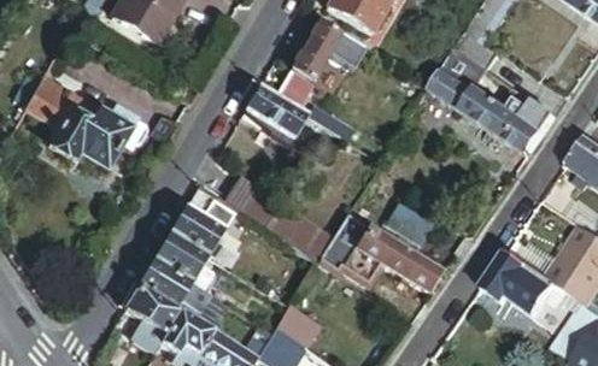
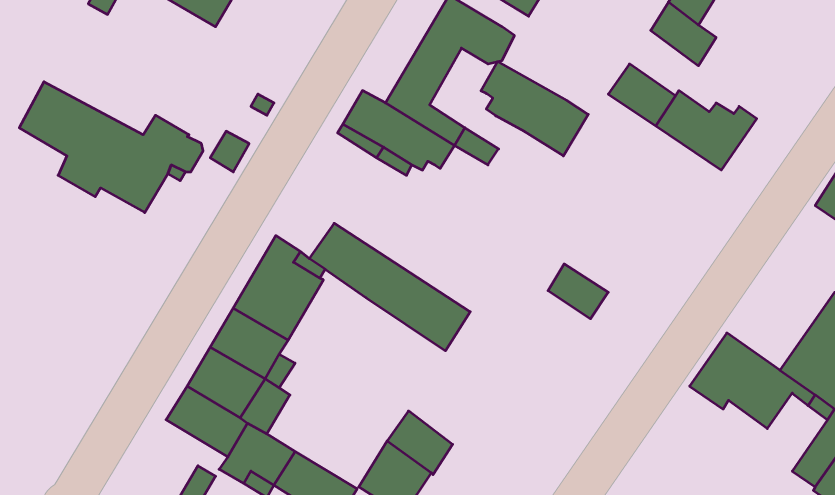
building: none -> [481,62,588,156]
building: [503,102,555,158] -> none
building: [315,214,440,294] -> none

